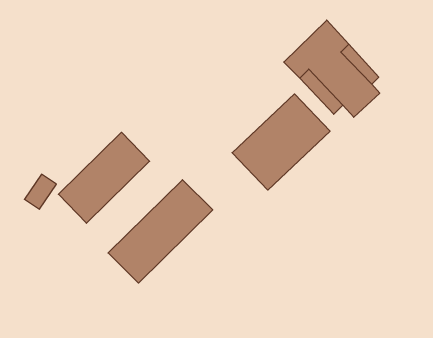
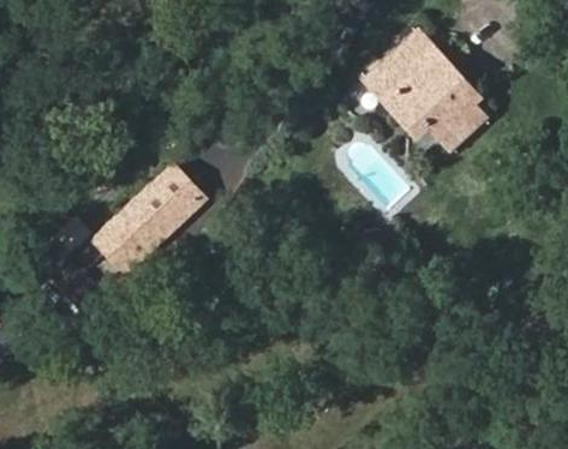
building: [232,94,330,190] -> none
building: [108,180,213,283] -> none

